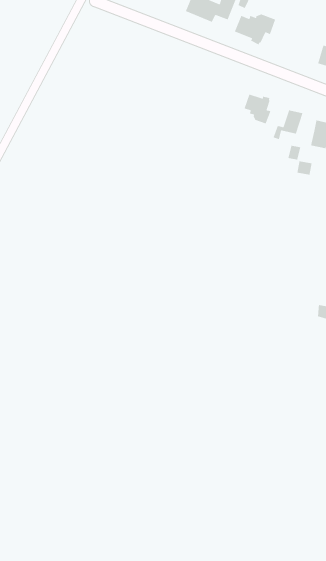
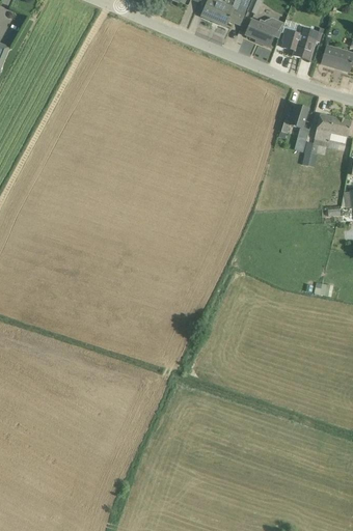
building: none -> [282,27,321,60]
building: [244,94,271,125] -> none

